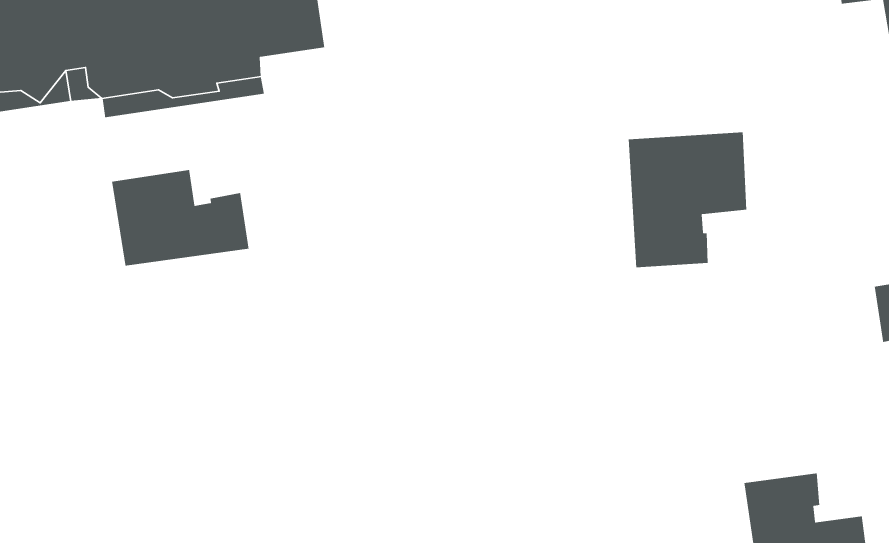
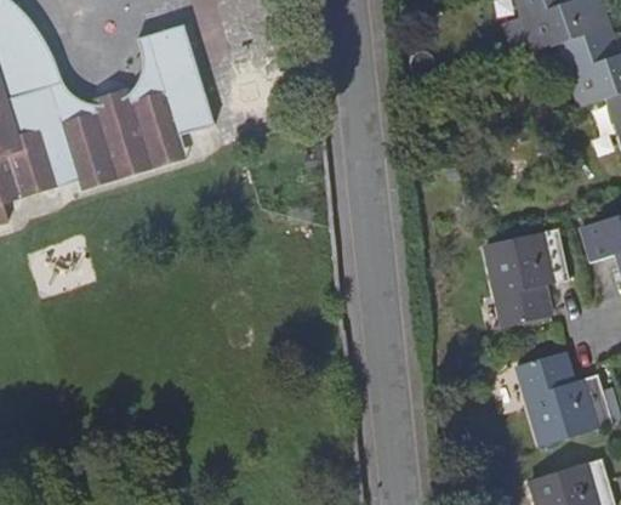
building: [628,131,747,268] -> [486,229,569,327]
building: [111,169,249,267] -> none

